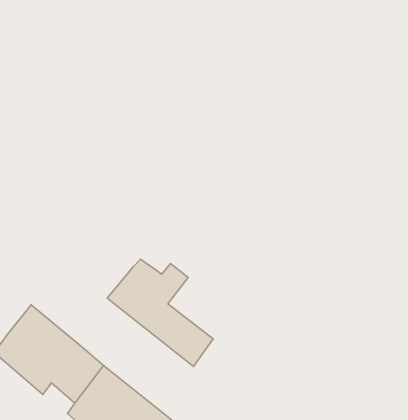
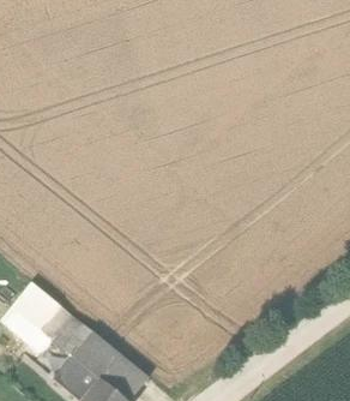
building: [107,259,213,367] -> none

